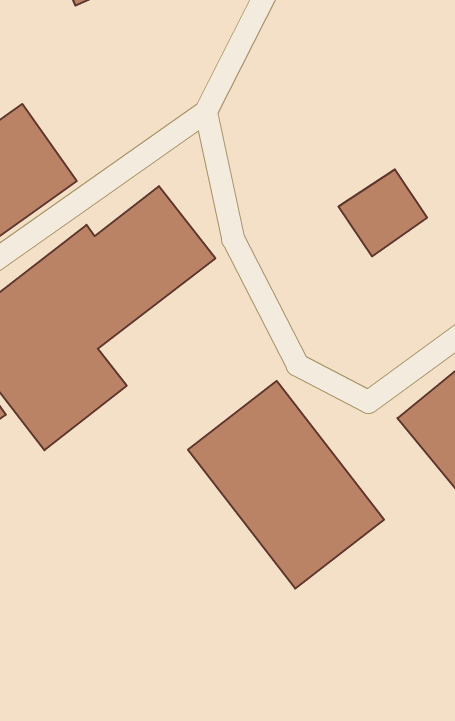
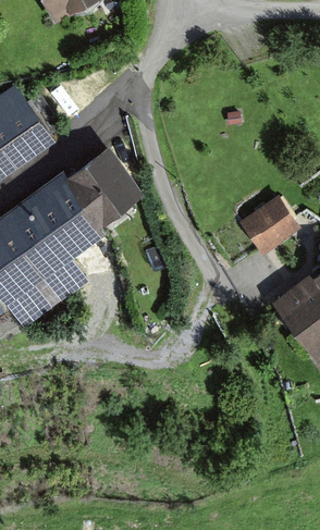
building: [338,169,427,256] -> [241,196,300,255]
building: [188,381,384,589] -> none

